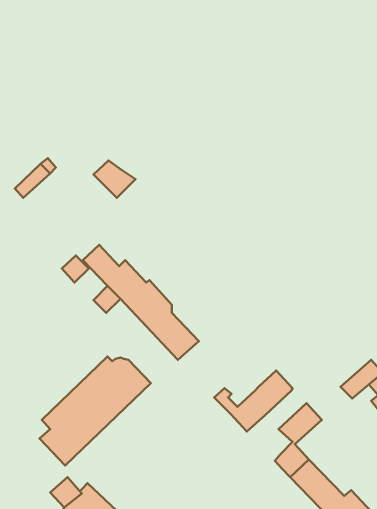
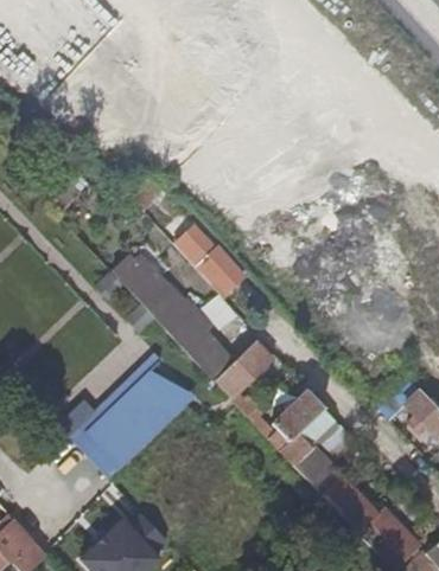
building: none -> [180,233,243,296]
building: none -> [218,339,276,417]
building: none -> [282,408,343,481]

